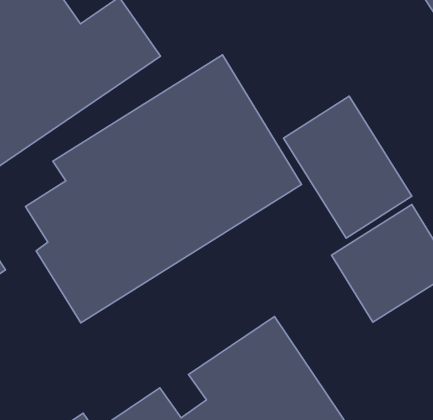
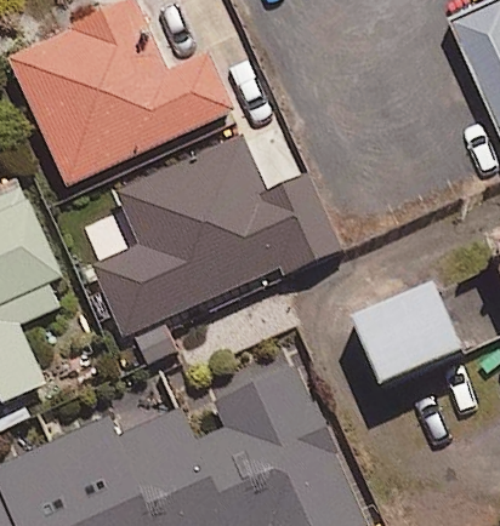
building: [283,96,412,238] -> none

